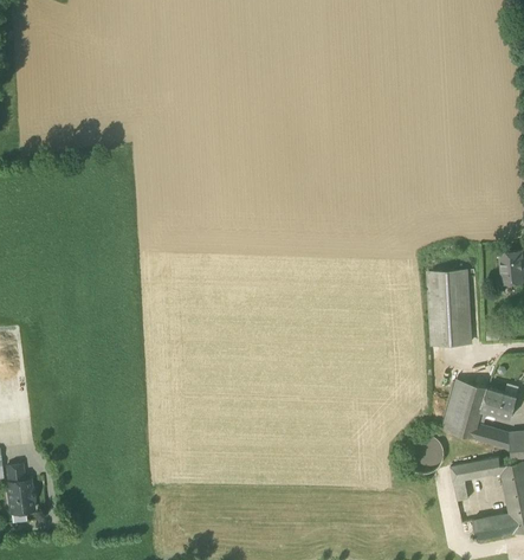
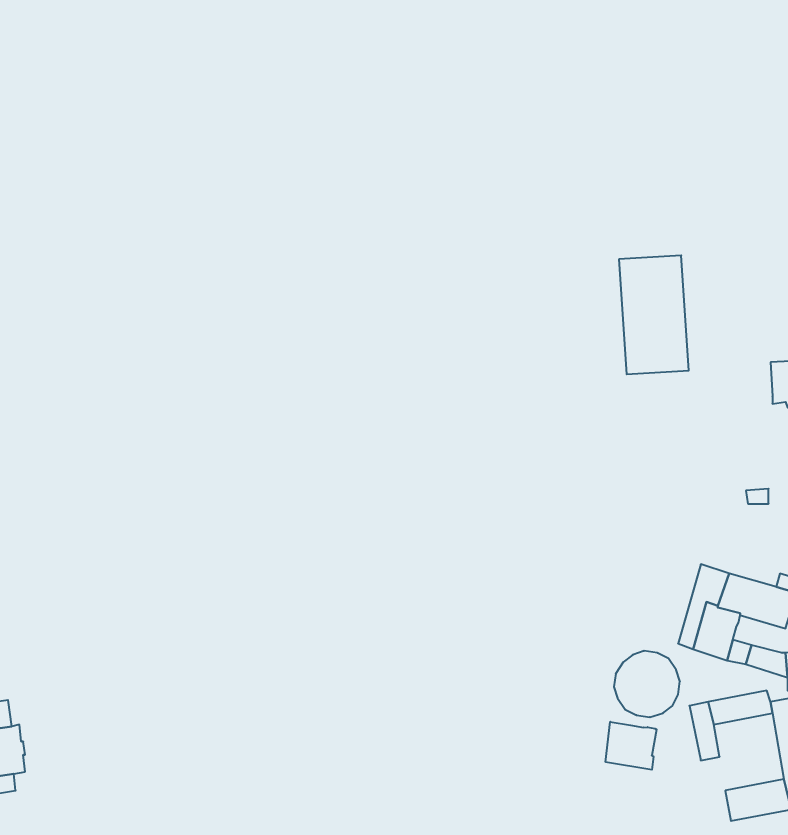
building: [427,270,471,345] -> [619,255,689,374]
building: none -> [606,722,657,770]

